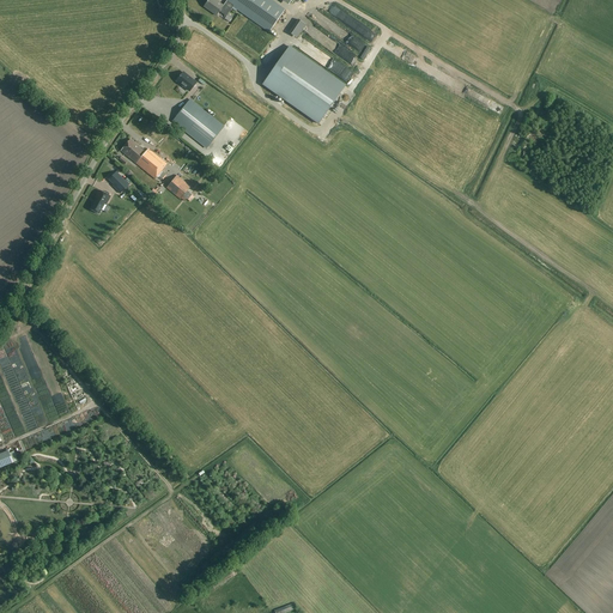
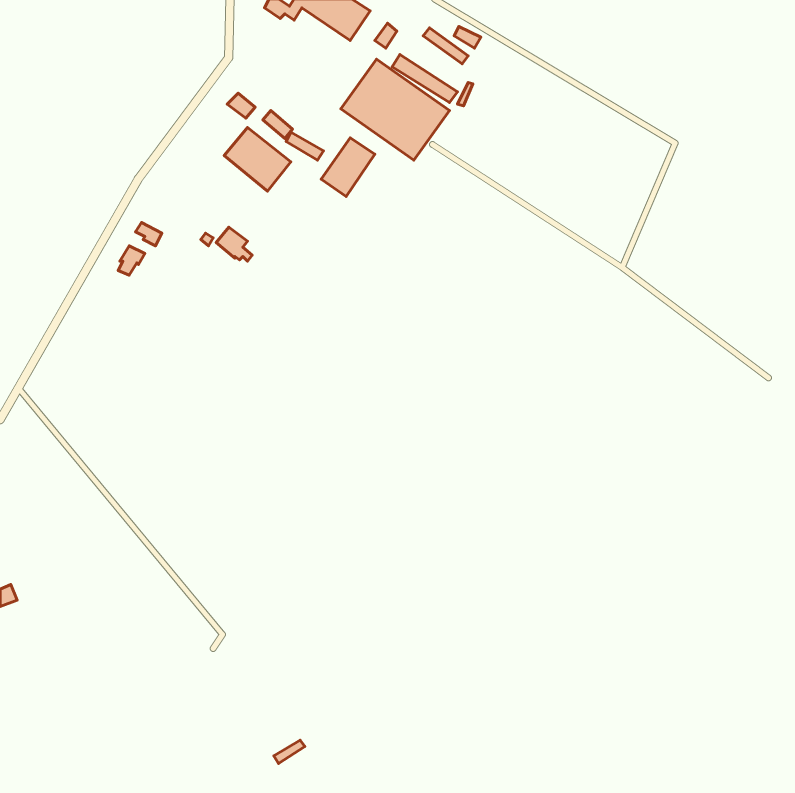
building: none -> [321,138,375,197]
building: [120,138,166,177] -> none

